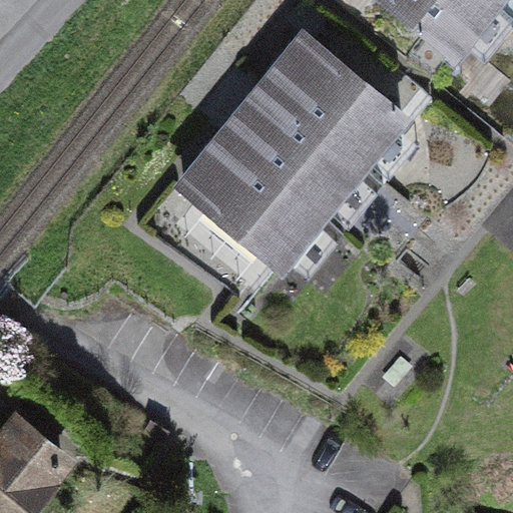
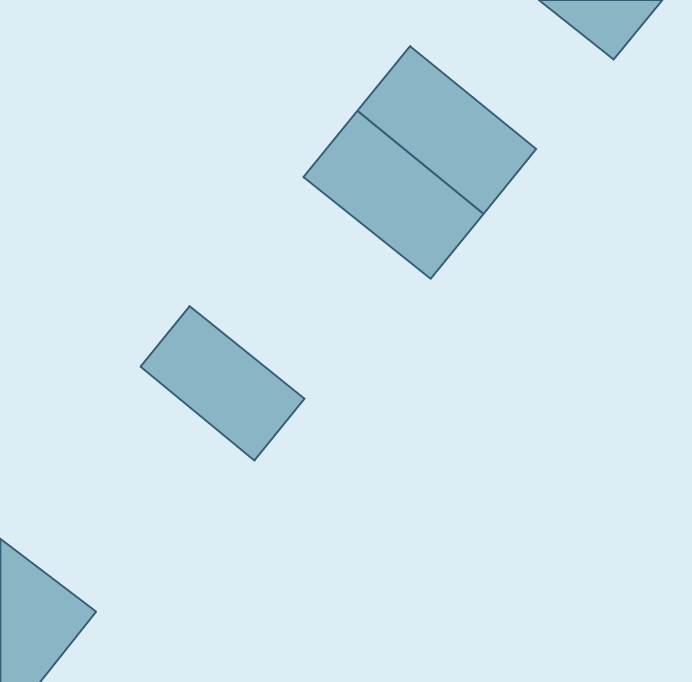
building: [185,138,319,262] -> none
building: none -> [141,306,305,461]

